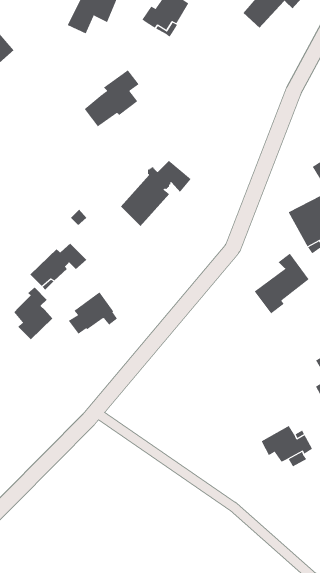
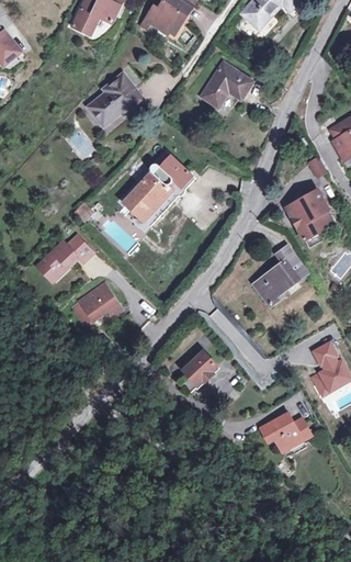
building: none -> [201,63,252,108]
building: [14,286,53,340] -> none
building: none -> [182,351,216,392]

